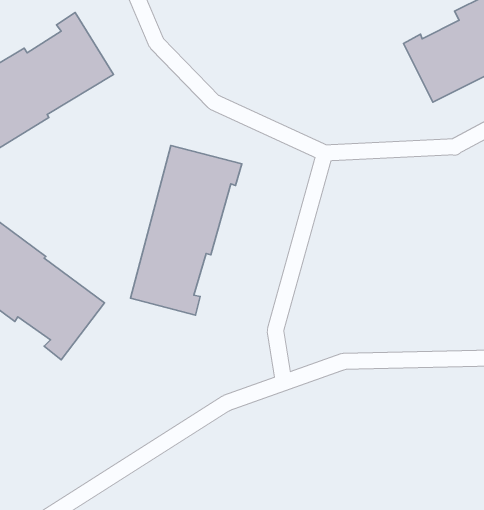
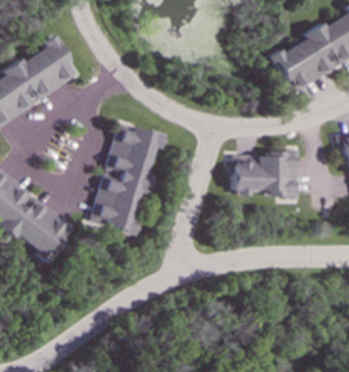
building: none -> [231,145,300,197]

